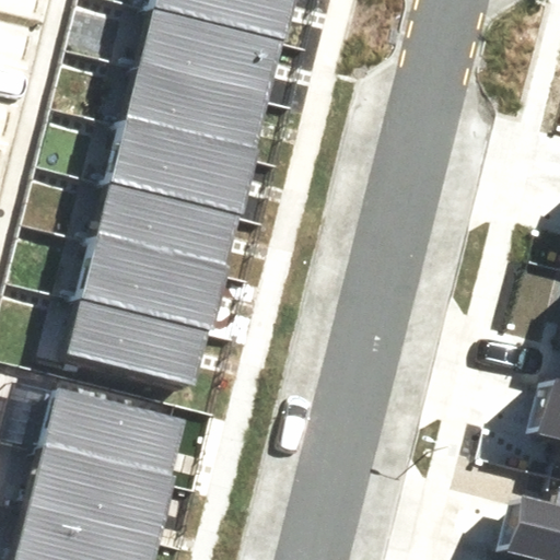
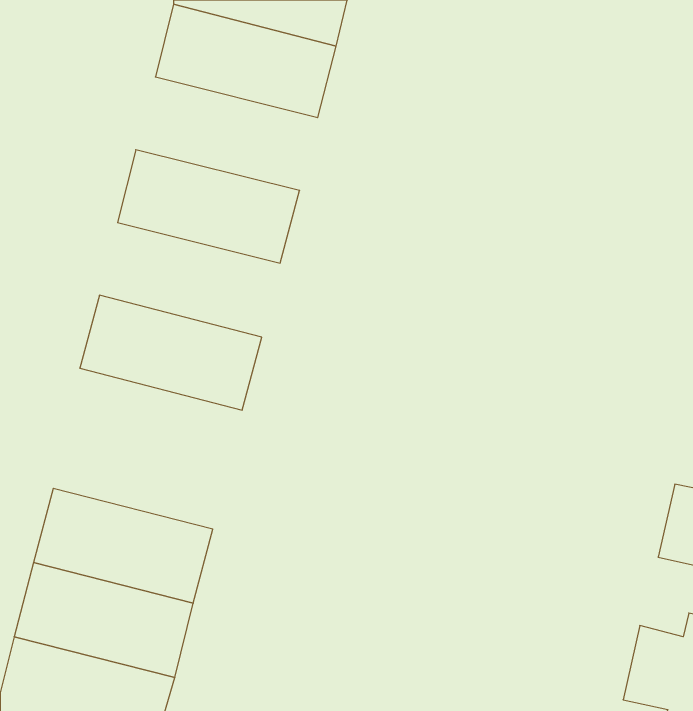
building: [124,63,266,152] -> none
building: [95,177,236,267] -> none
building: [66,291,207,380] -> none

